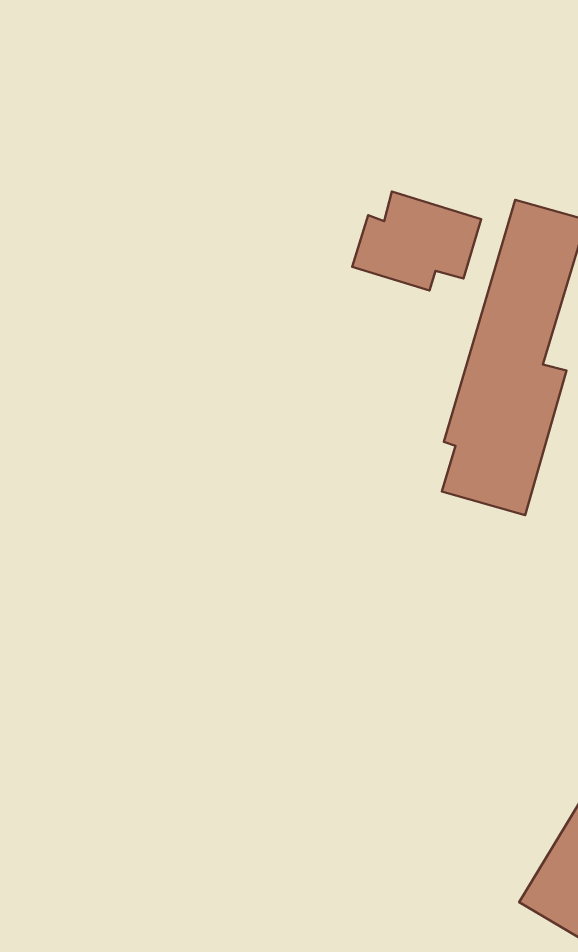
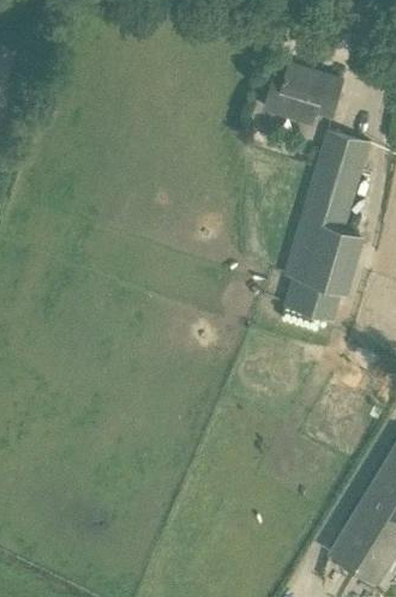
building: [352,191,481,291] -> [264,64,342,123]

